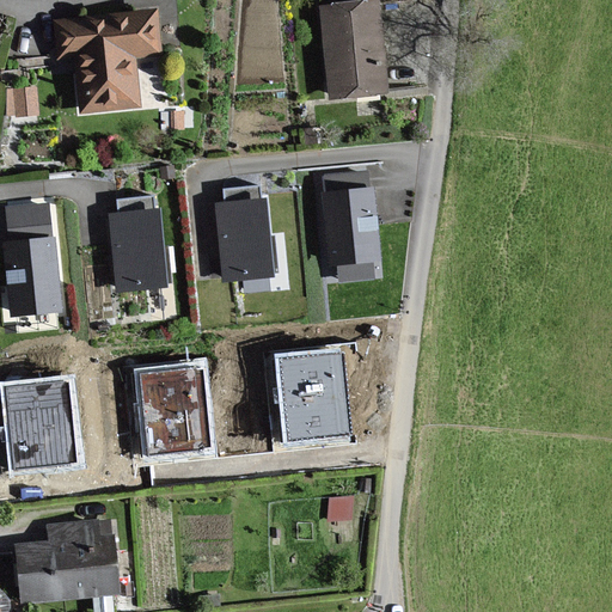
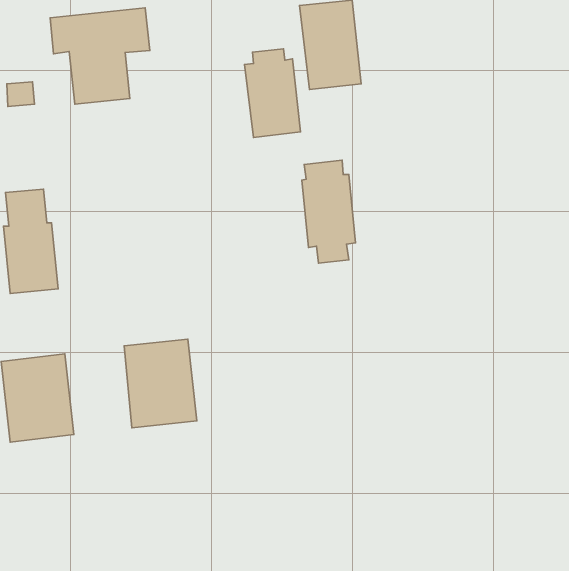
building: [215,186,275,281] -> [245,49,300,137]
building: [110,196,170,290] -> none
building: [273,349,350,445] -> none
building: [17,521,120,602] -> none

